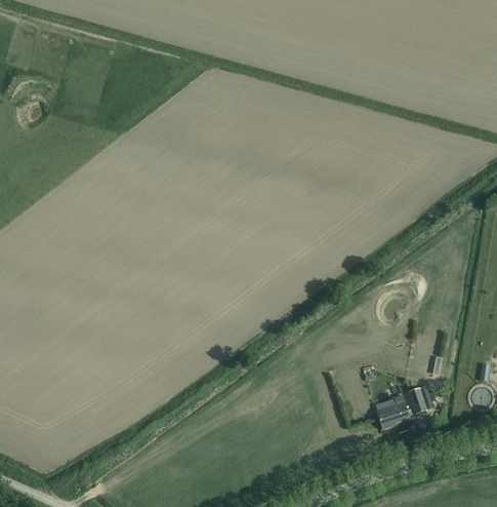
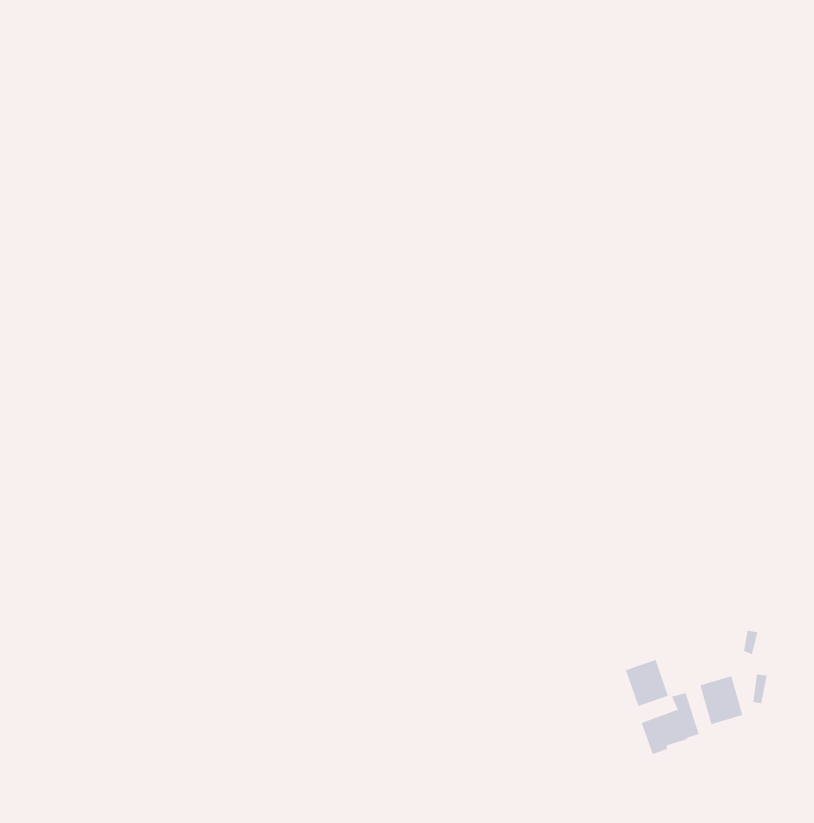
building: none -> [625,659,669,707]

